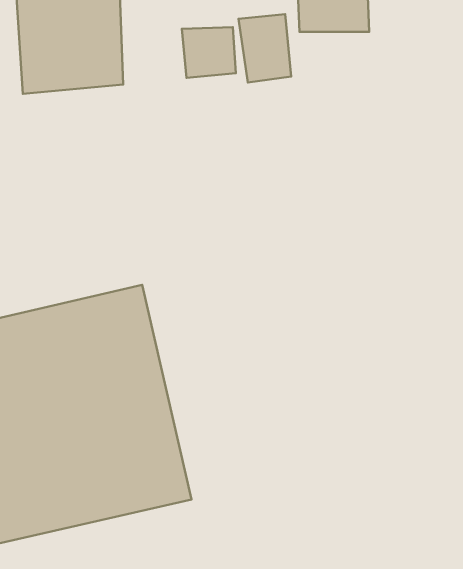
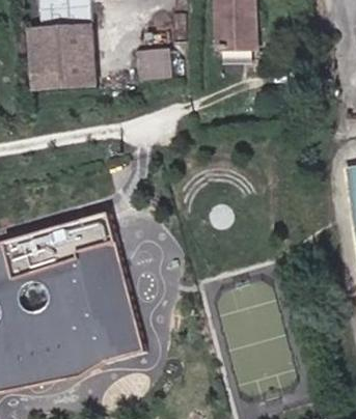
building: [239,14,291,82] -> none

